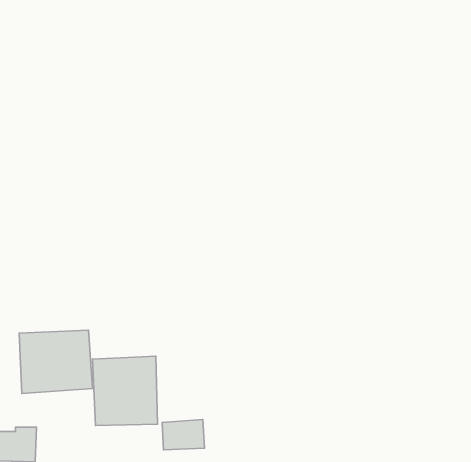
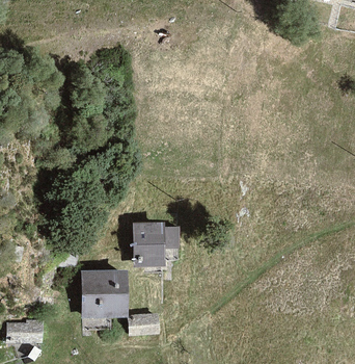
building: none -> [133,222,180,266]
building: [19,330,93,393] -> none

